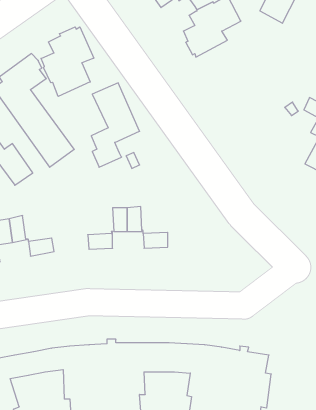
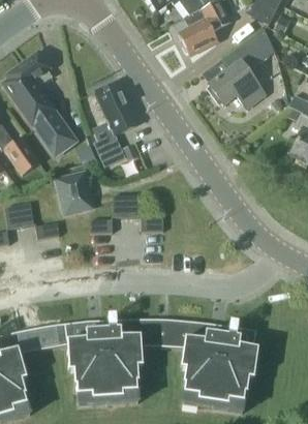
building: none -> [206,29,275,110]
building: [41,27,94,96] -> none
building: none -> [57,174,92,214]

